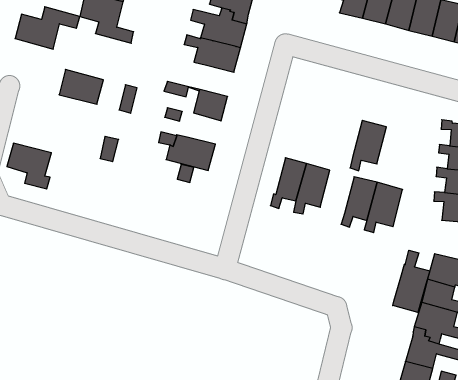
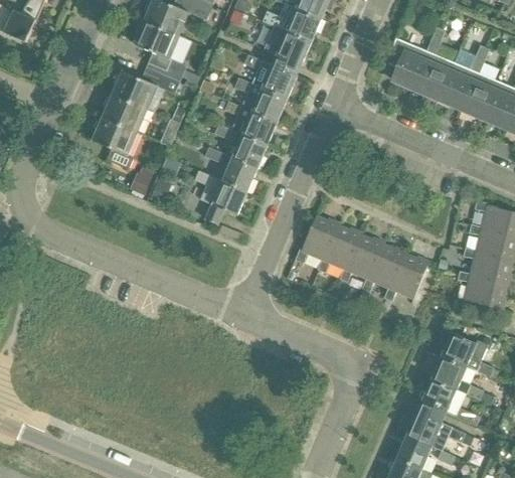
building: [15,7,80,49] -> [112,66,179,110]
building: none -> [223,100,279,145]
building: none -> [222,156,259,190]
building: [350,120,386,171] -> [340,233,382,283]
building: [7,143,51,189] -> [92,118,138,168]
building: [393,250,430,312] -> none

